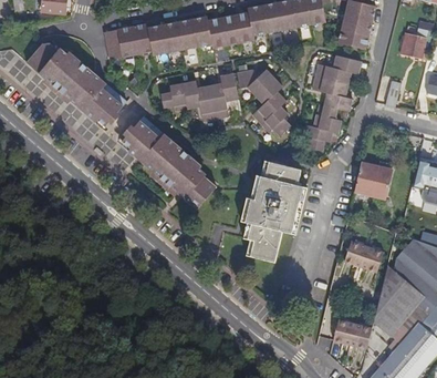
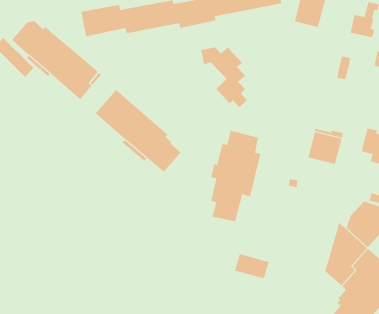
building: [304,55,361,150] -> none
building: [160,73,237,121] -> none
building: [343,238,391,270] -> none
building: [333,320,372,348] -> [234,254,269,279]

